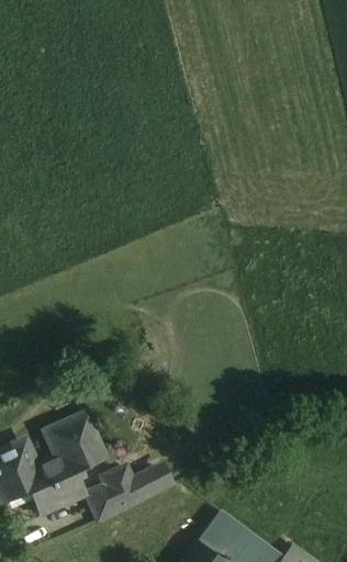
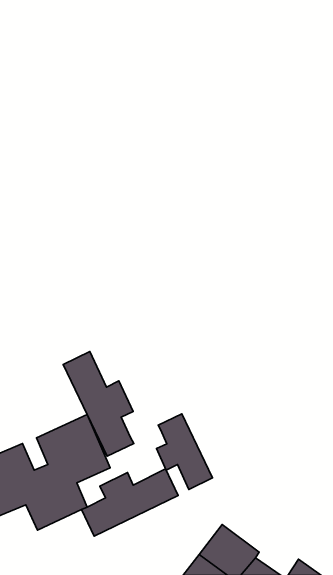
building: none -> [63,351,134,456]
building: none -> [156,414,213,489]

